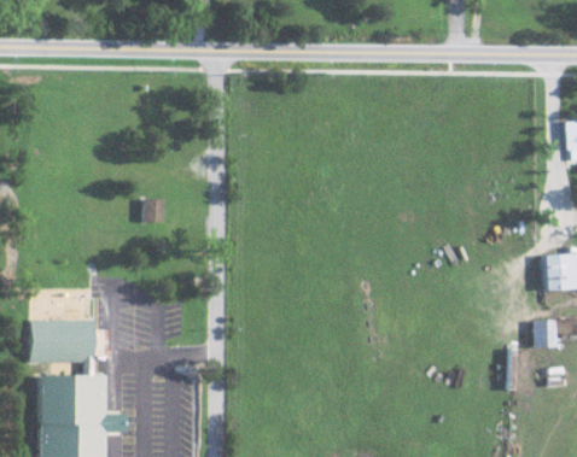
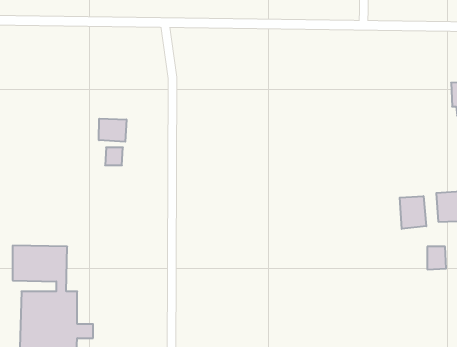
building: none -> [99,119,126,142]
building: none -> [400,196,426,229]

